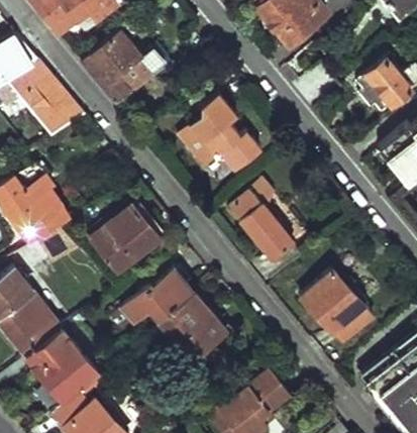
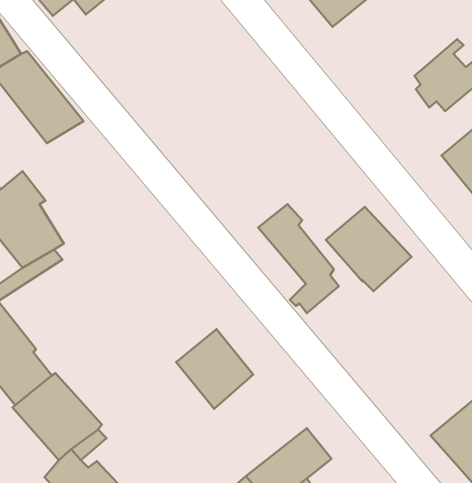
building: [81,30,167,106] -> none
building: [180,92,258,169] -> none
building: [92,209,160,274] -> none
building: [124,270,195,321] -> none
building: [300,274,371,343] -> [326,207,411,291]

